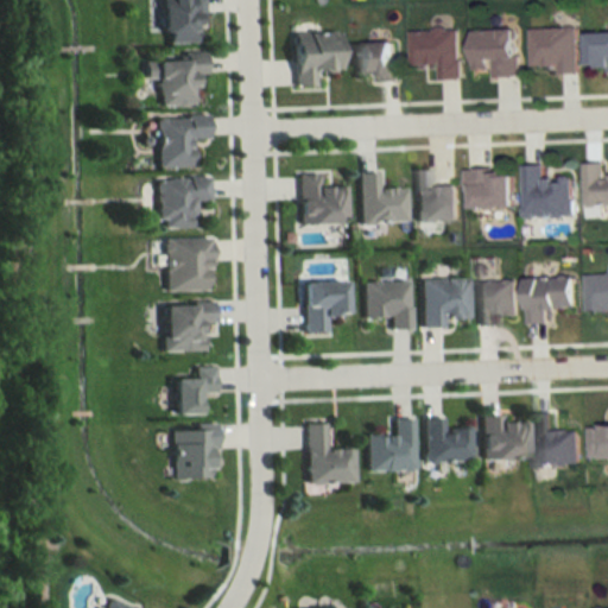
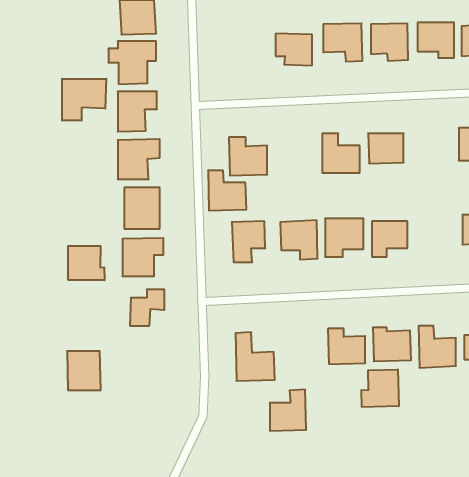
building: [297,32,346,87] -> none
building: none -> [62,79,106,121]
building: [534,164,584,216] -> none
building: [362,172,411,223] -> [208,170,246,211]
building: [538,277,587,324] -> none
building: none -> [68,246,105,280]
building: [372,419,418,471] -> [270,390,306,431]
building: [176,428,218,477] -> [67,351,101,390]
building: none -> [361,369,399,407]

